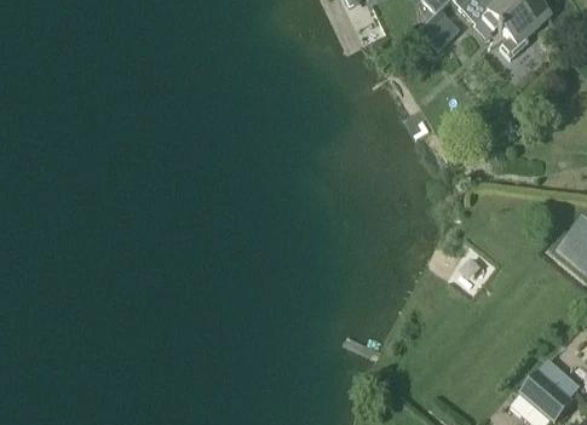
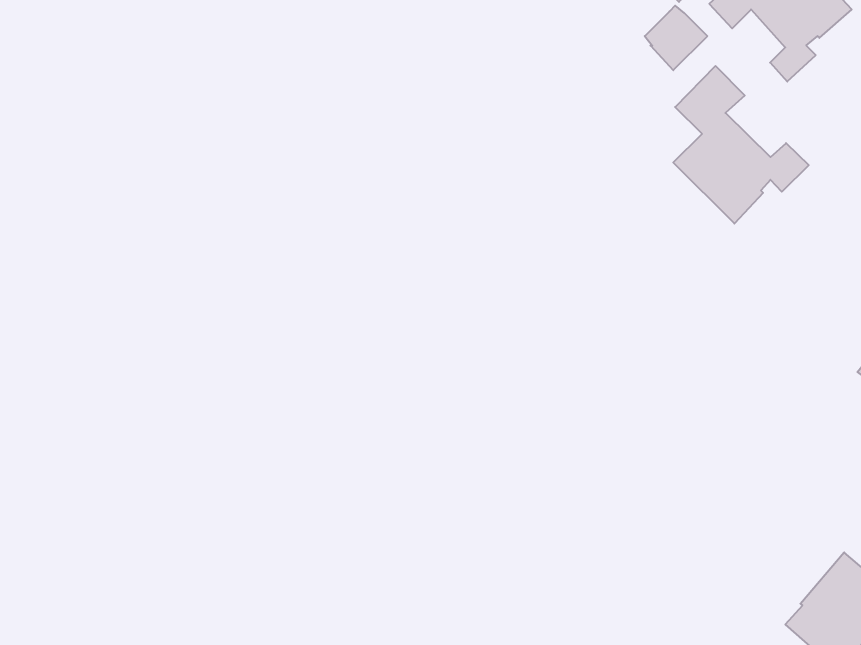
building: none -> [673,66,809,224]

